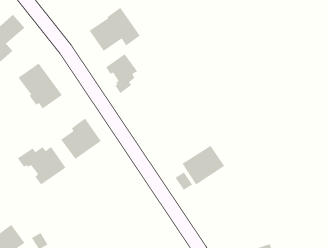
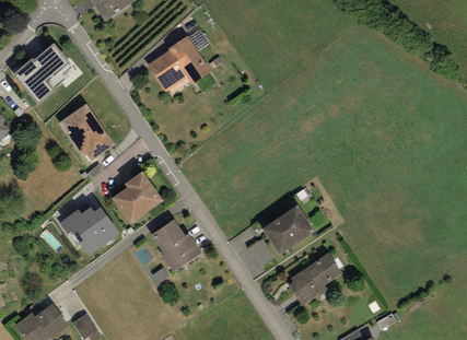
building: [105,53,138,94] -> none
building: none -> [151,219,201,271]
building: none -> [288,251,341,304]

